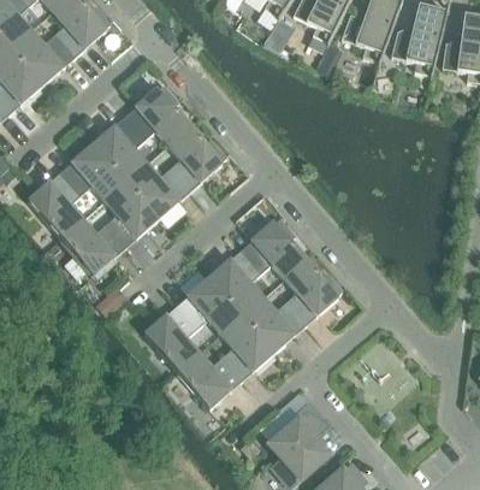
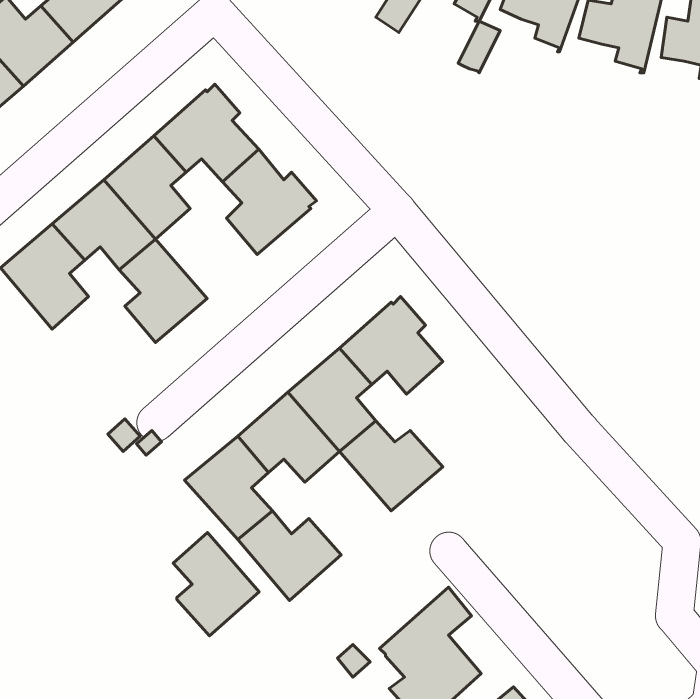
building: [125,163,189,219] -> none
building: [60,218,125,276] -> none
building: [283,259,342,325] -> none
building: [219,315,273,380] -> [173,532,259,636]

